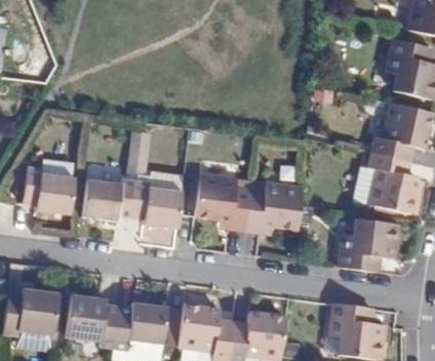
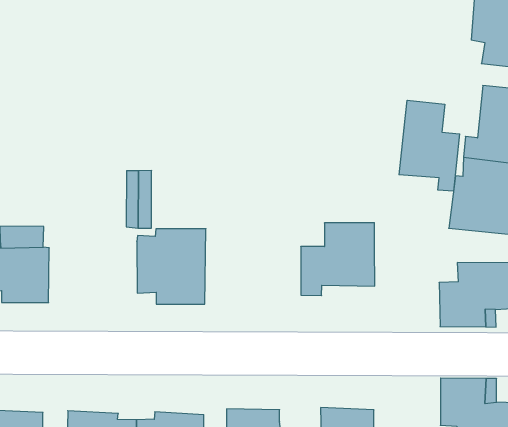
building: none -> [399,100,460,191]
building: [195,176,249,233] -> none
building: [86,179,135,224] -> none

